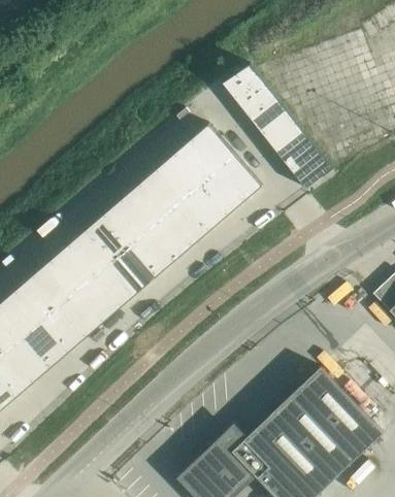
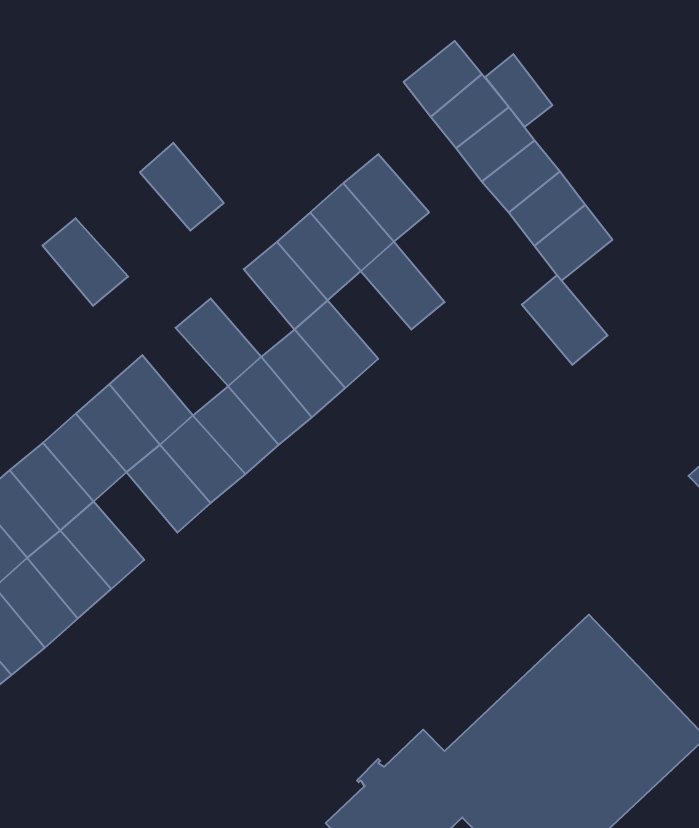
building: none -> [485,54,552,127]
building: [218,155,263,202] -> [522,275,608,365]
building: [121,185,165,231] -> [140,143,224,231]
building: [183,186,227,232] -> none
building: [85,216,130,262] -> [42,218,128,306]
building: [59,292,103,338] -> none

